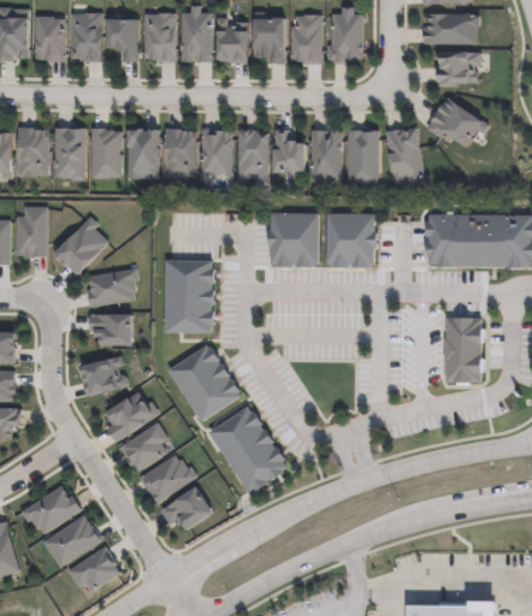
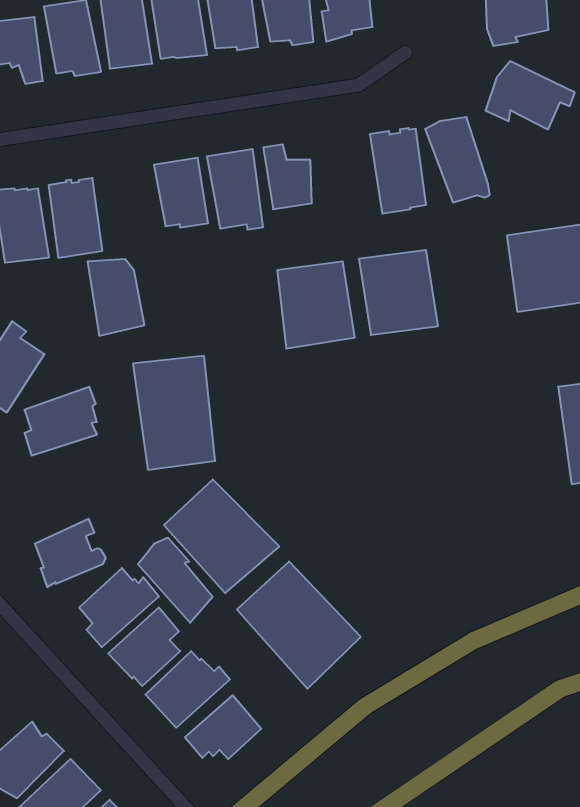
building: [165,126,196,177] -> [87,259,144,336]
building: [311,129,342,184] -> none
building: [89,314,132,346] -> none
building: none -> [138,538,213,623]

